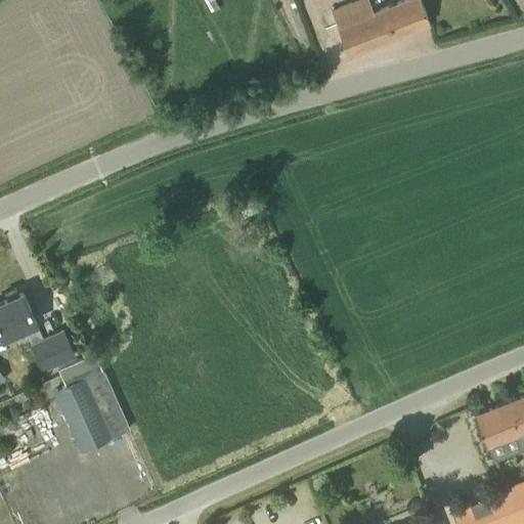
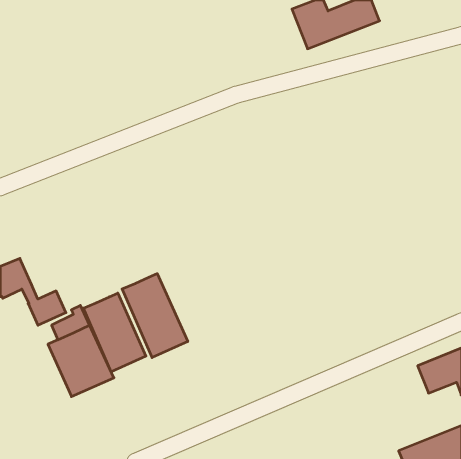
building: none -> [122,274,188,358]
building: none -> [83,293,146,372]

